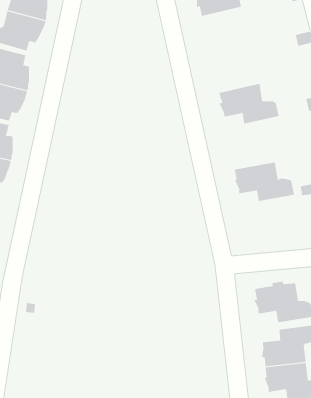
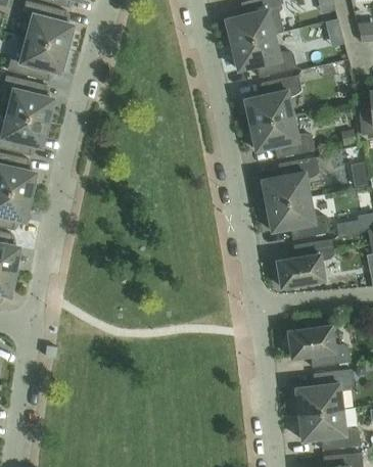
building: none -> [232,35,297,78]
building: none -> [245,76,302,126]
building: none -> [263,157,320,206]
building: none -> [277,240,335,288]

